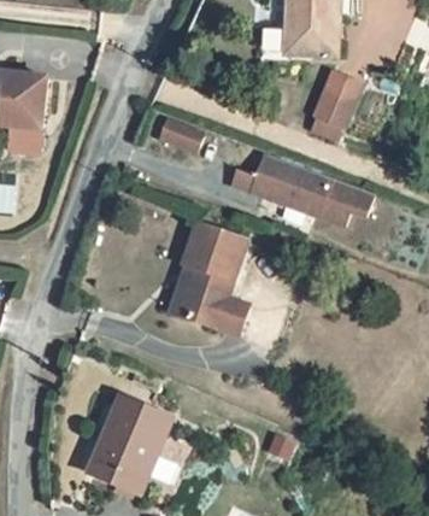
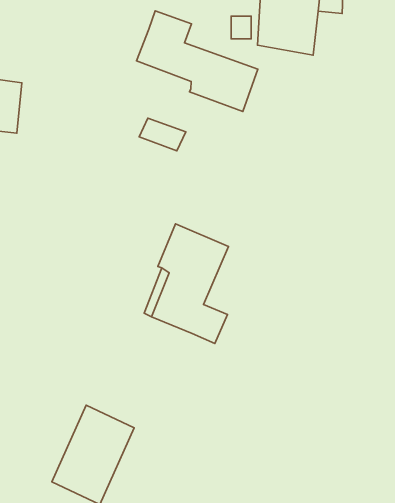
building: none -> [137,11,258,112]
building: [325,74,370,124] -> none
building: [239,149,383,221] -> none

